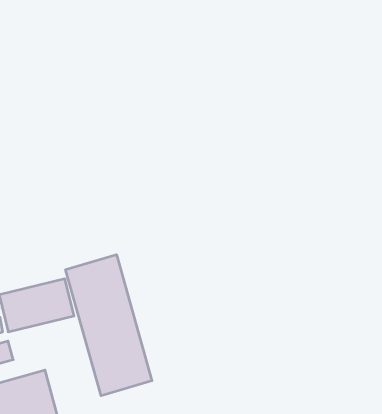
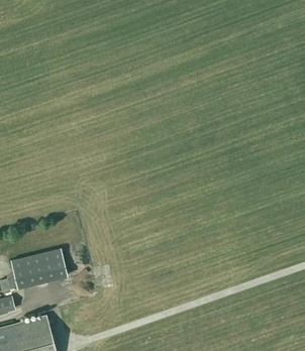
building: [66,255,152,396] -> none

